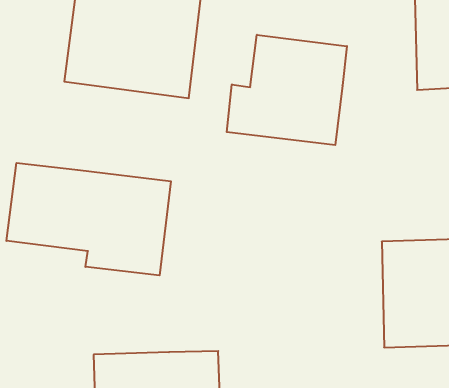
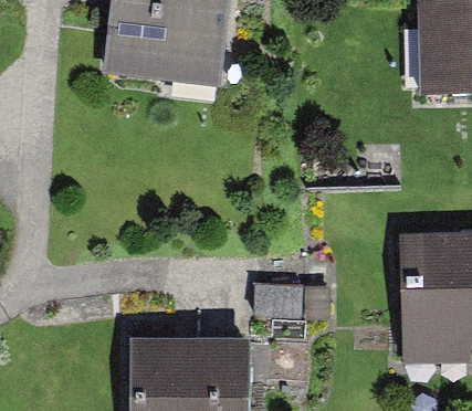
building: [227,35,347,145] -> none
building: [6,163,171,275] -> none

